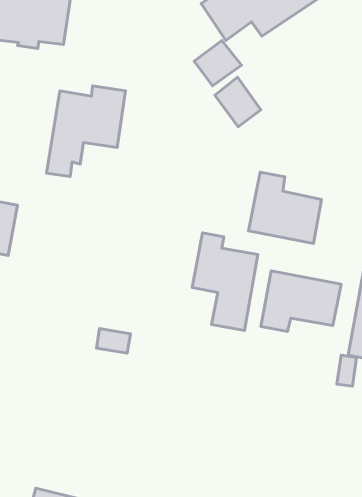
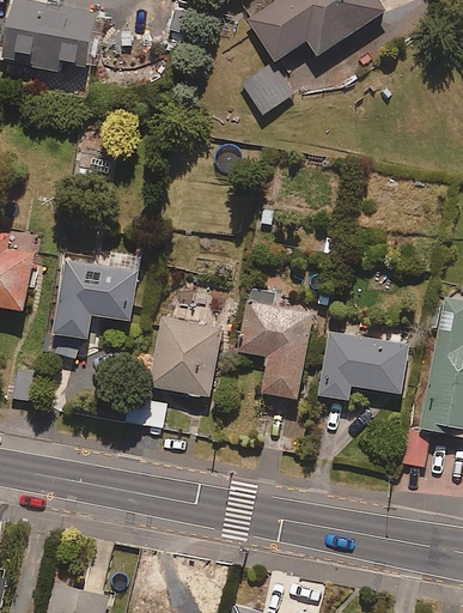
building: [215,77,261,127] -> none
building: [46,86,125,176] -> [48,250,140,356]
building: [249,172,322,243] -> none
building: none -> [148,317,221,397]

